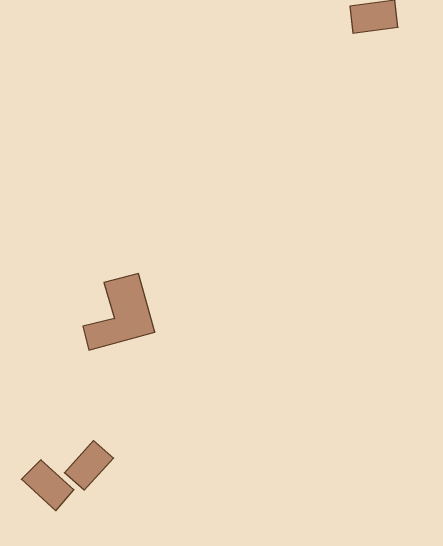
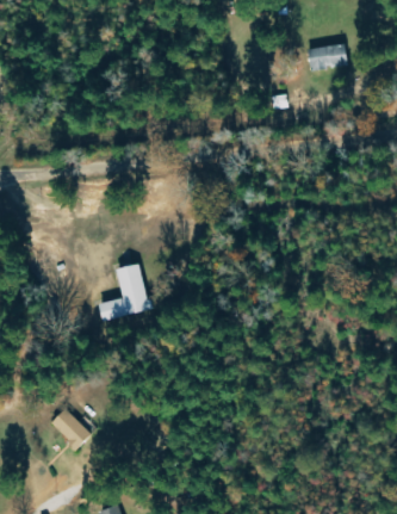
building: [64,441,114,490] -> none

